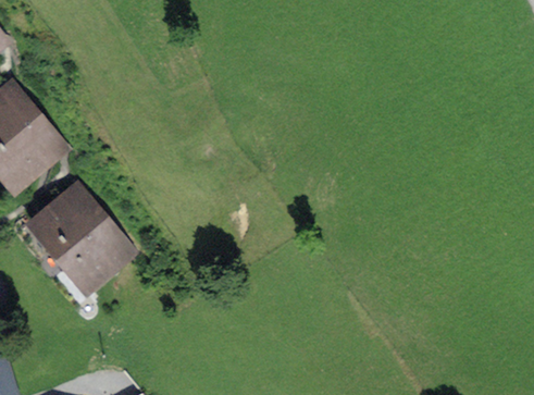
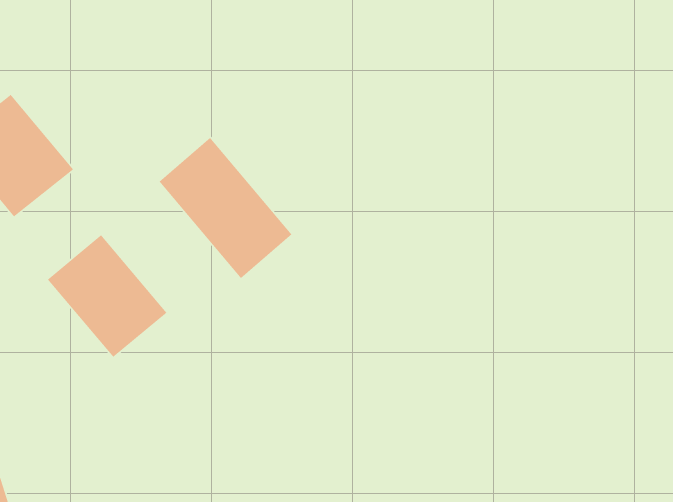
building: none -> [158,137,293,279]

